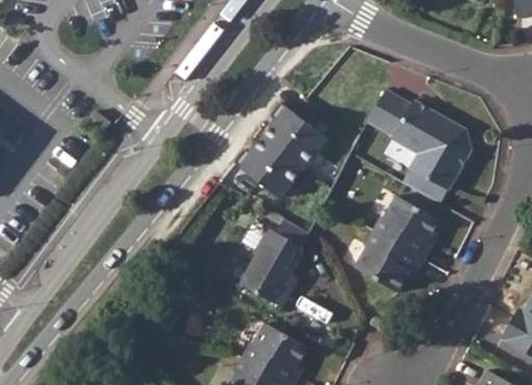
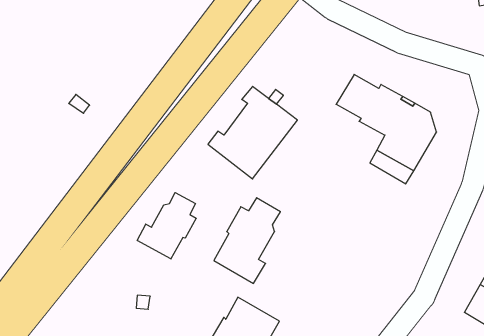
building: [354,196,440,293] -> none
building: none -> [137,193,196,259]

